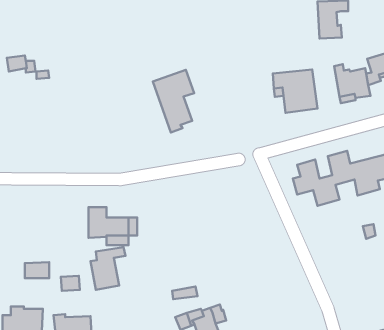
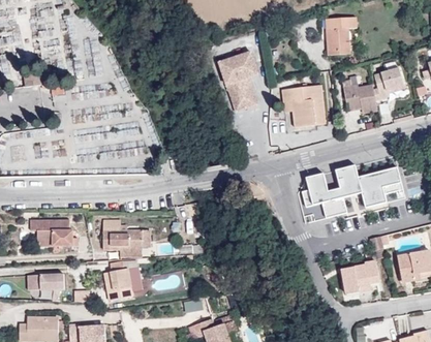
building: [153,70,194,132] -> [218,51,258,112]
building: none -> [30,219,78,245]
building: none -> [341,260,379,293]

